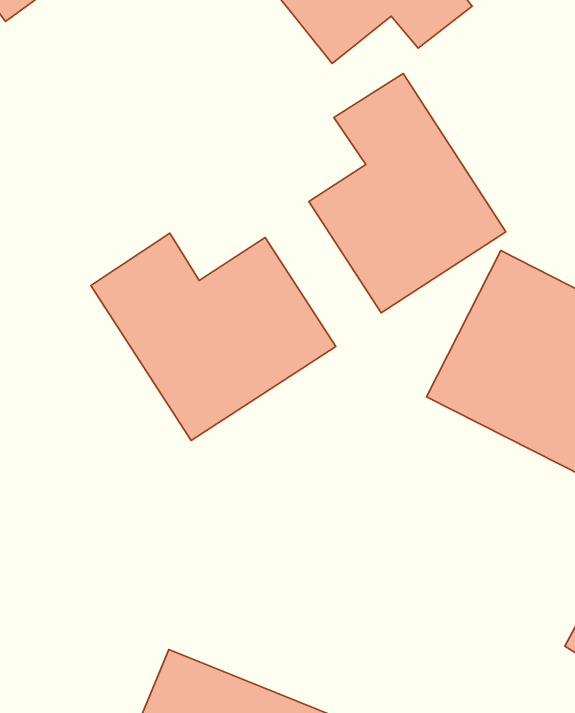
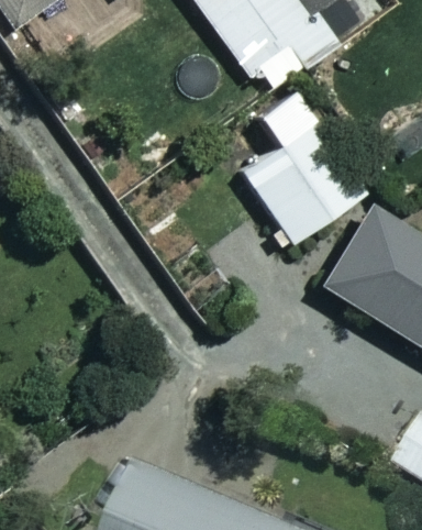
building: [91,233,336,440] -> none

